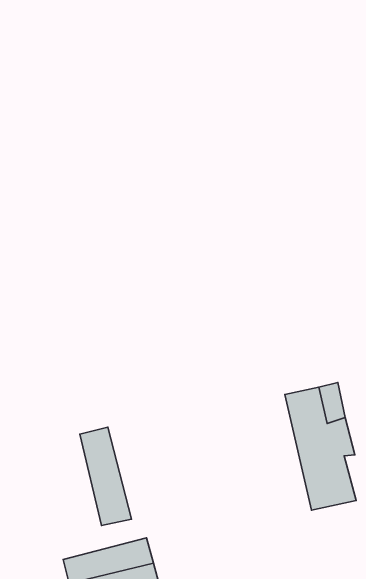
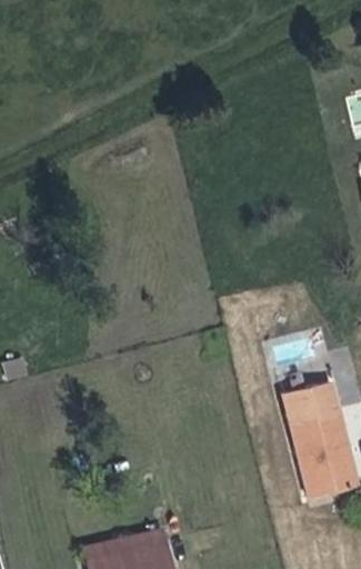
building: [80,427,132,526] -> none

